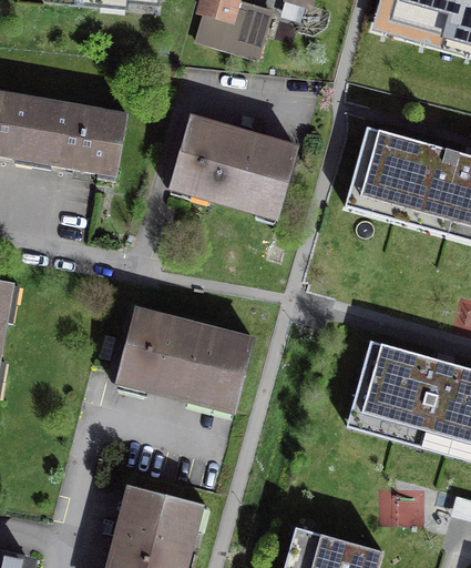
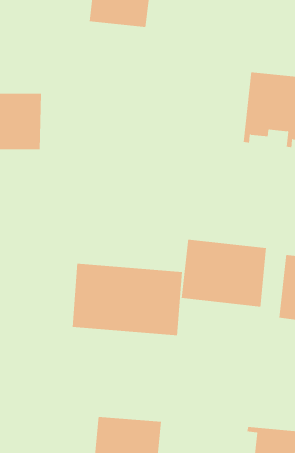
building: [170,116,301,221] -> none
building: none -> [181,239,267,308]

